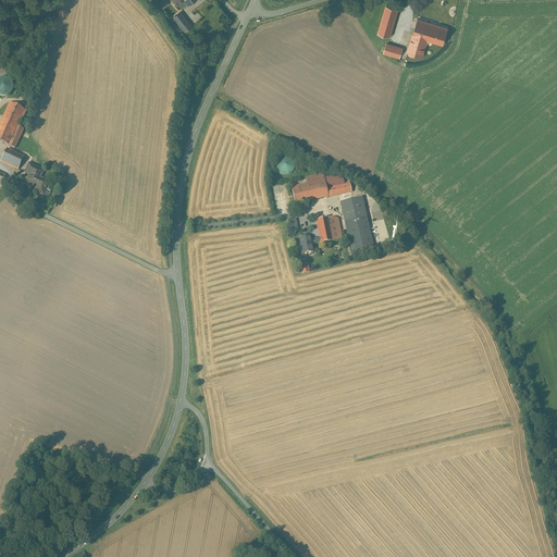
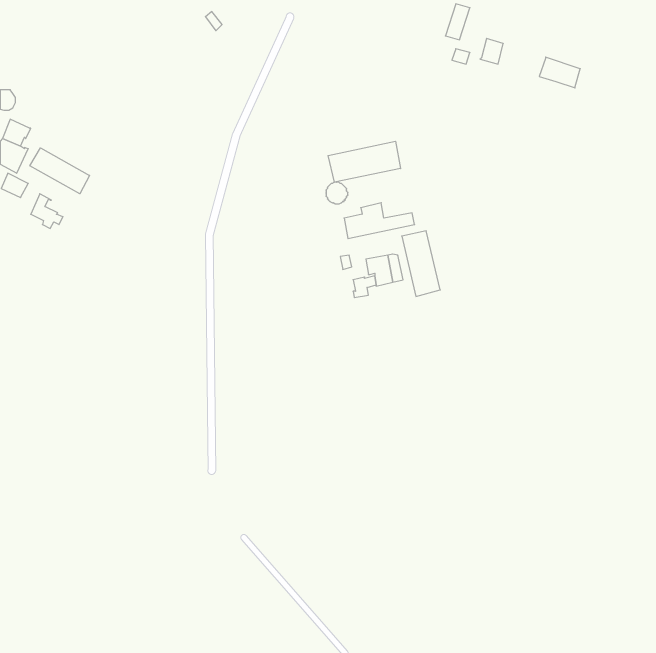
building: [412,16,447,42] -> [539,57,580,88]
building: none -> [328,141,401,182]
building: none -> [30,148,90,194]

